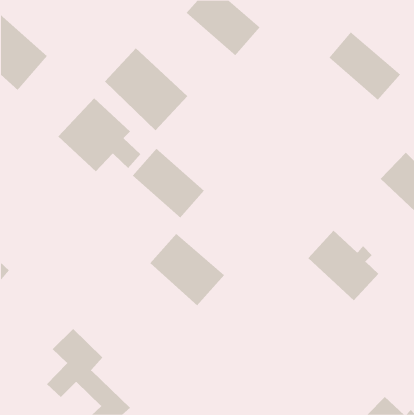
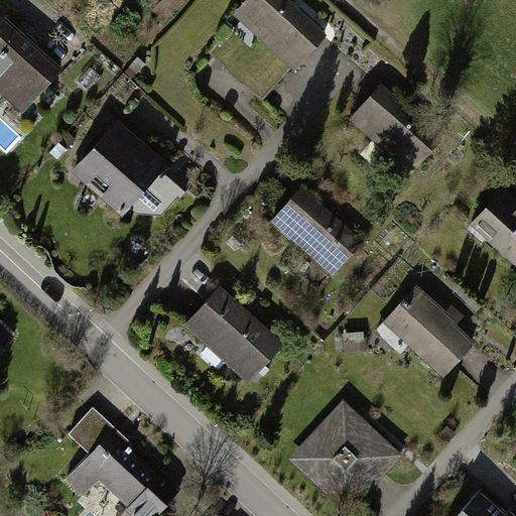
building: [328,31,401,100] -> [352,86,441,171]
building: [104,48,188,131] -> none
building: [132,148,205,219] -> [272,187,363,275]
building: none -> [290,405,395,509]

